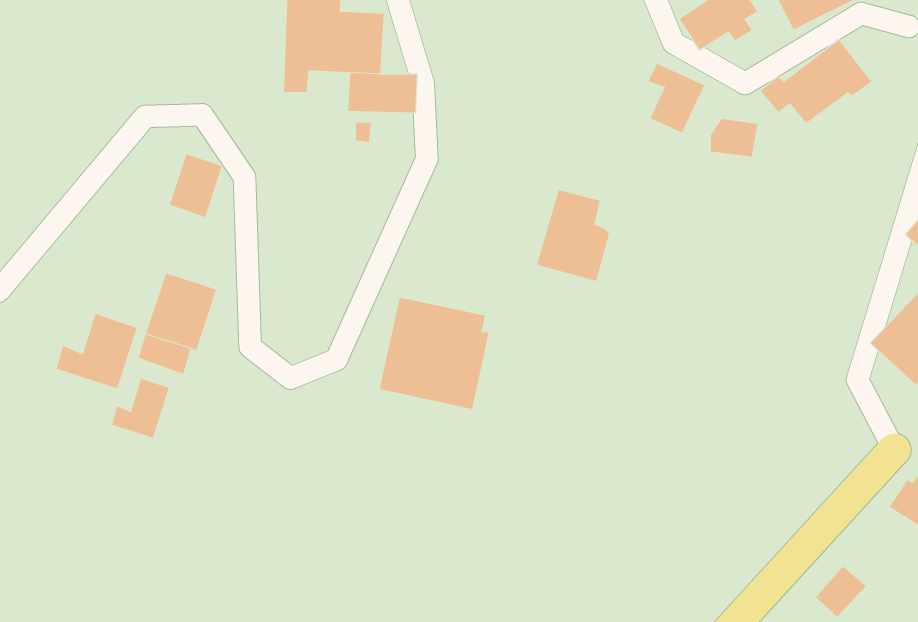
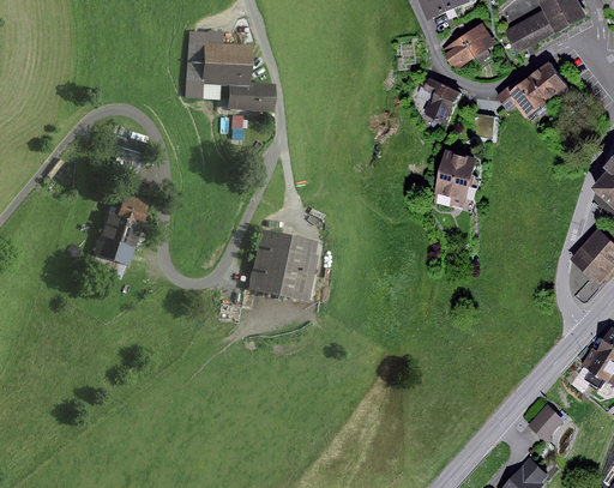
building: [536,189,610,282] -> [432,151,480,211]
building: none -> [118,193,150,224]
building: [56,313,137,389] -> none
building: [111,378,170,439] -> none

